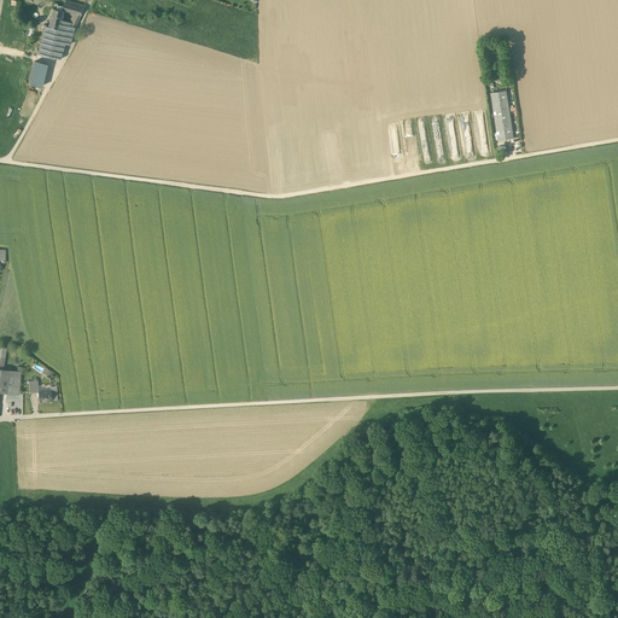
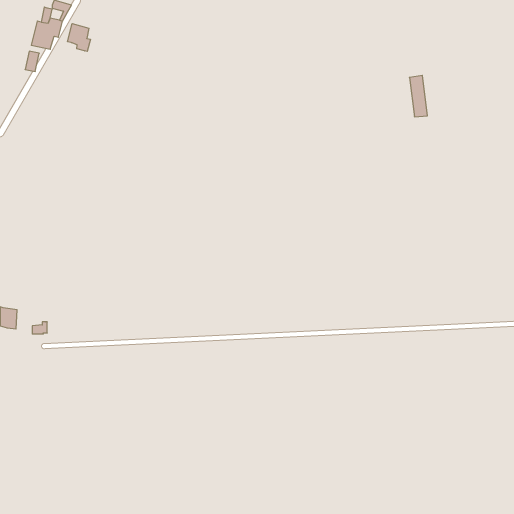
building: none -> [68,24,90,51]

